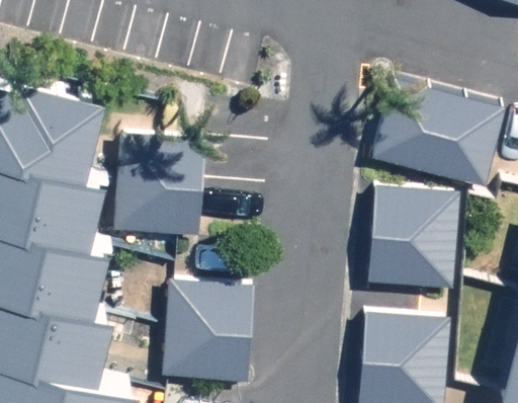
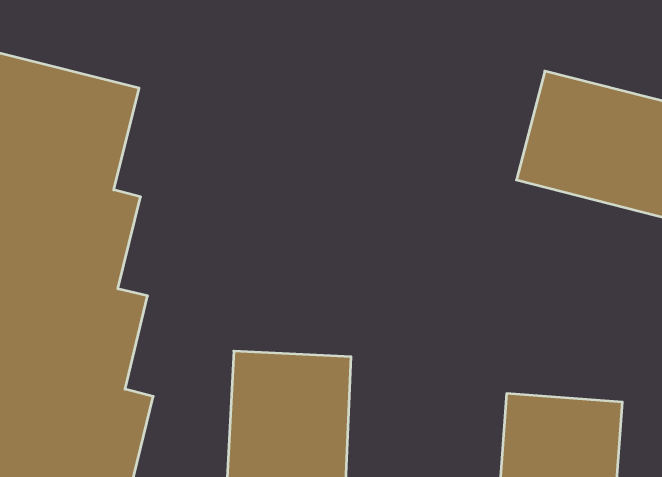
building: [114,135,203,236] -> none
building: [368,186,457,288] -> none

